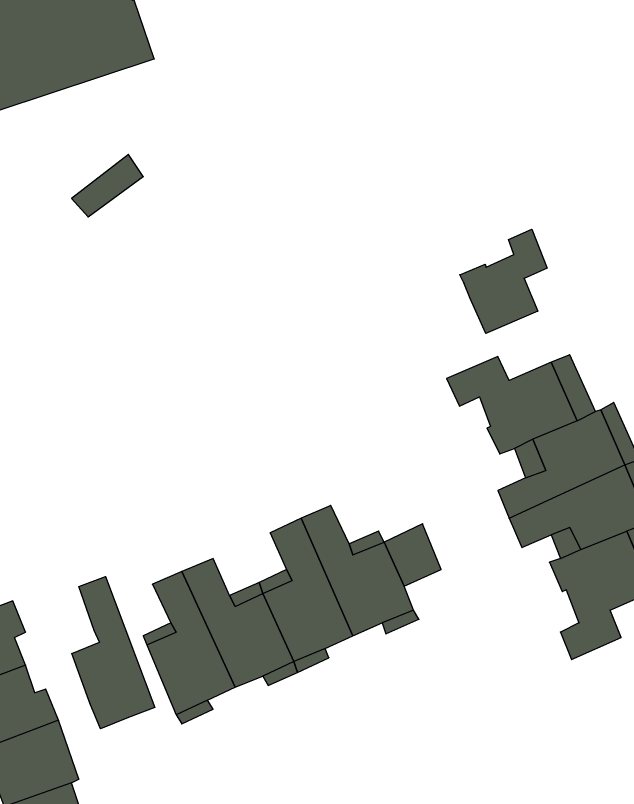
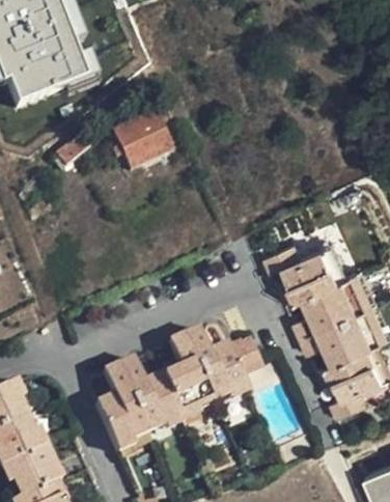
building: none -> [113,106,173,163]
building: [460,229,547,333] -> none
building: [72,577,155,729] -> none

